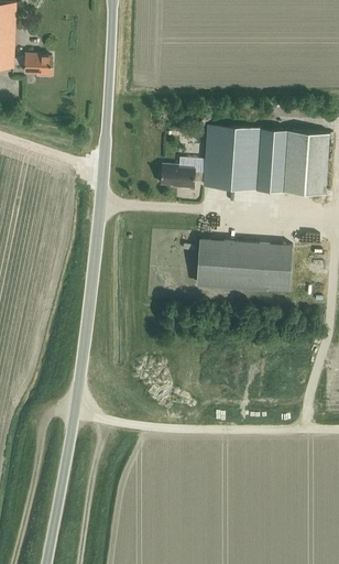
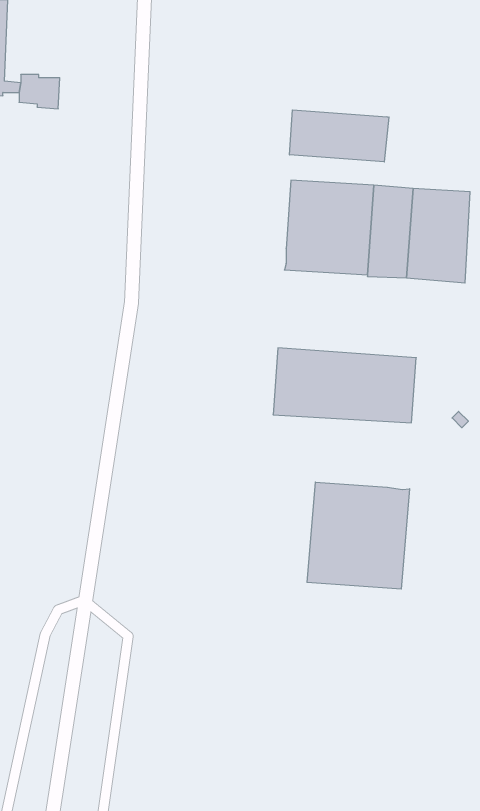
building: none -> [290,110,389,162]
building: [161,165,205,189] -> none
building: none -> [307,482,410,589]

